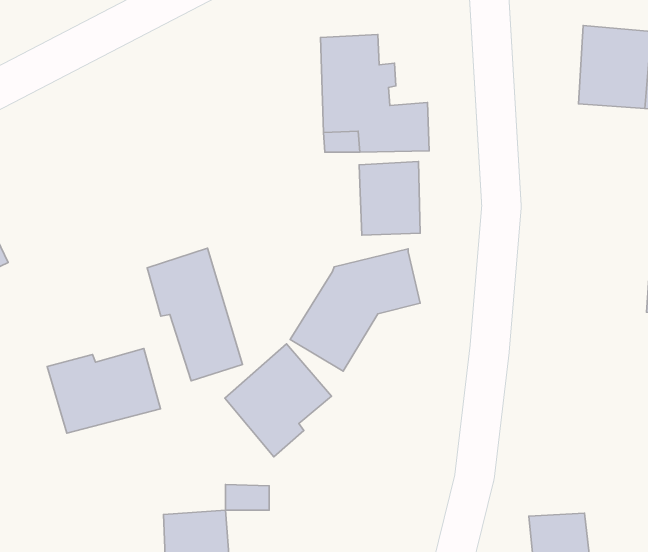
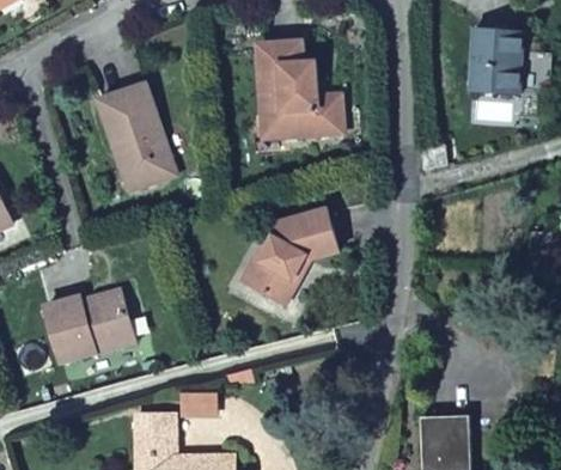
building: [359,162,420,235] -> none
building: [147,248,242,381] -> [98,79,173,184]
building: [225,344,331,457] -> none

